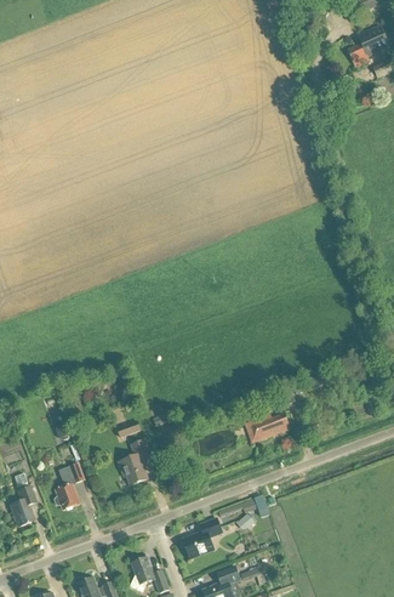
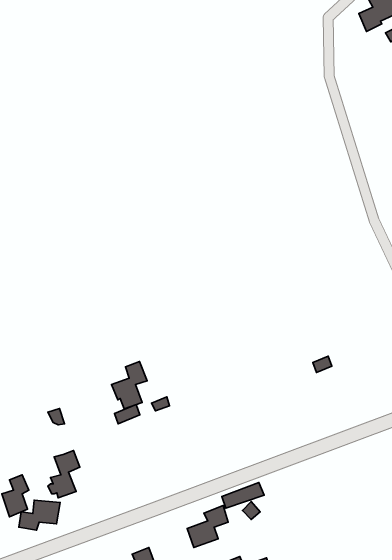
building: [250,411,290,440] -> none
building: [119,439,153,484] -> [111,362,147,409]
building: none -> [19,500,60,530]

